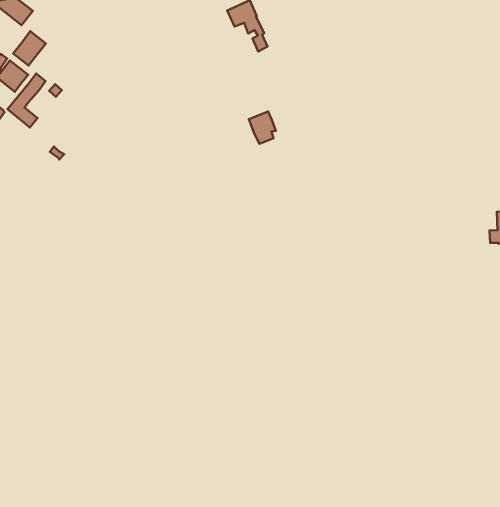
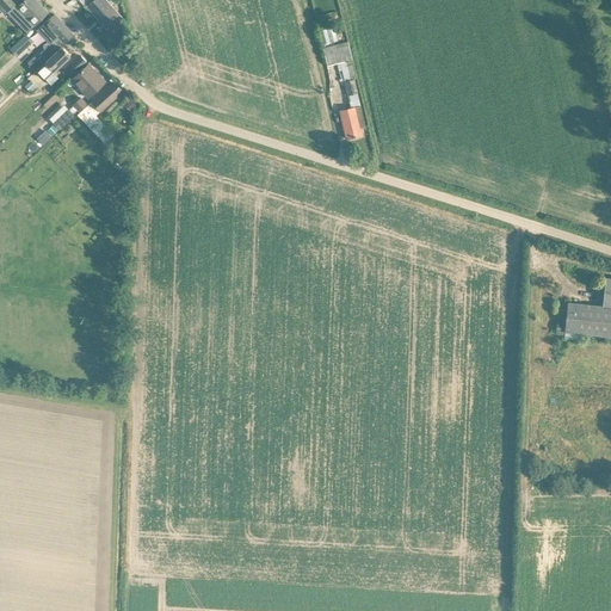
building: [13,31,46,65] -> none
building: [249,111,276,144] -> [339,106,365,138]

